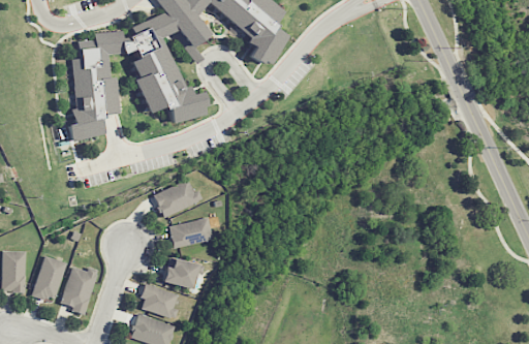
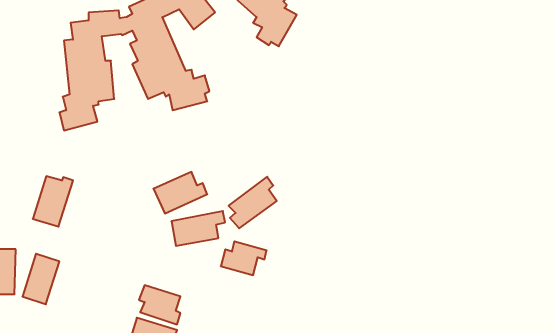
building: none -> [229,177,277,228]
building: [163,258,206,289] -> [221,241,267,275]
building: [61,267,98,313] -> [33,176,73,227]

